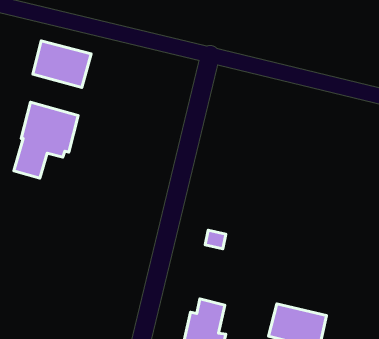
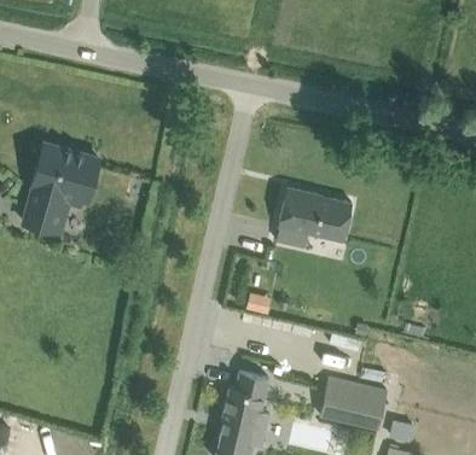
building: [33,41,91,88] -> none
building: none -> [278,188,353,243]

